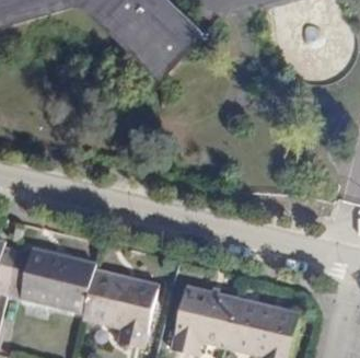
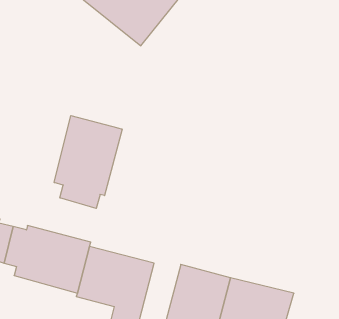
building: none -> [54,116,122,208]

